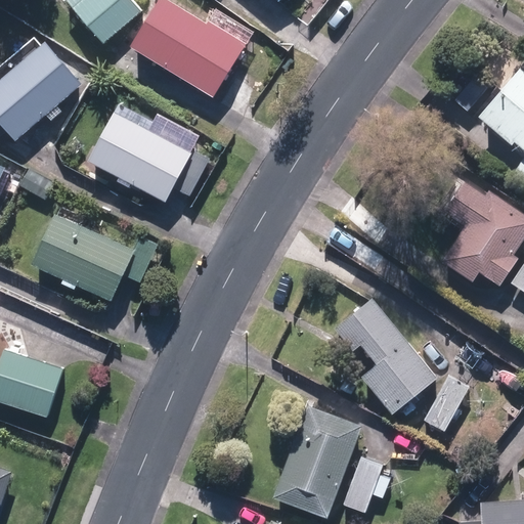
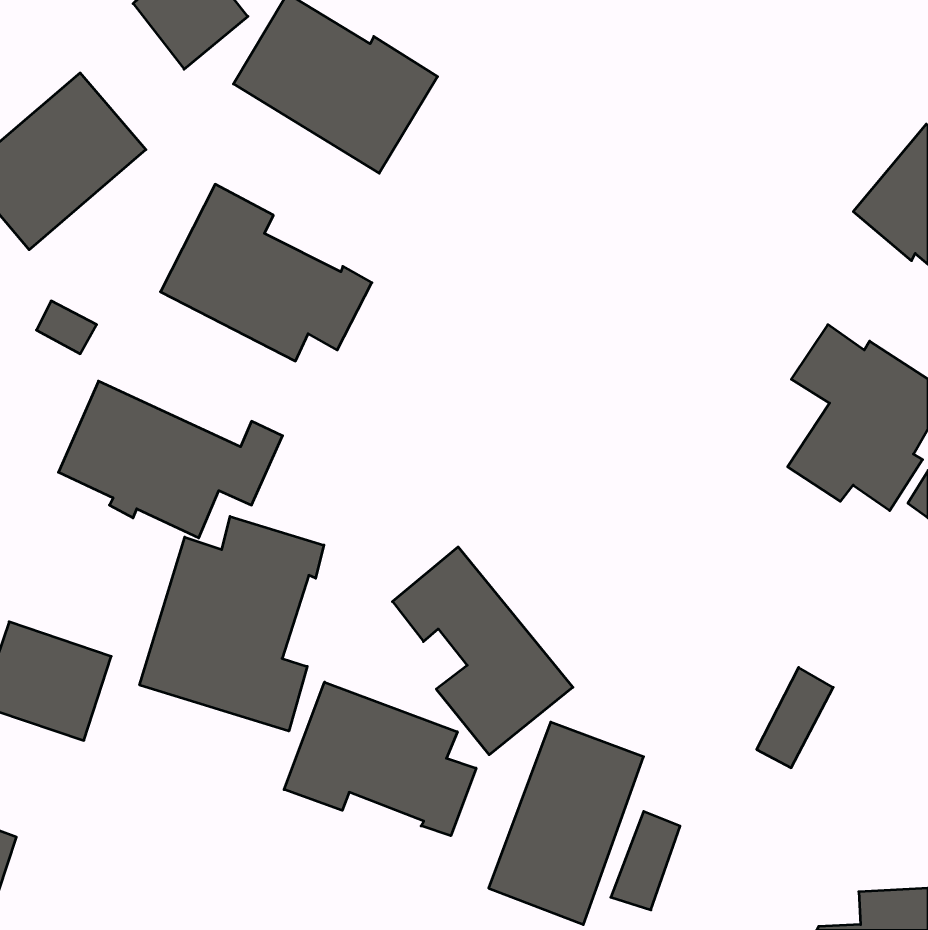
building: none -> [140,516,324,731]
building: [336,299,437,416] -> [392,547,573,755]
building: none -> [284,682,476,836]

